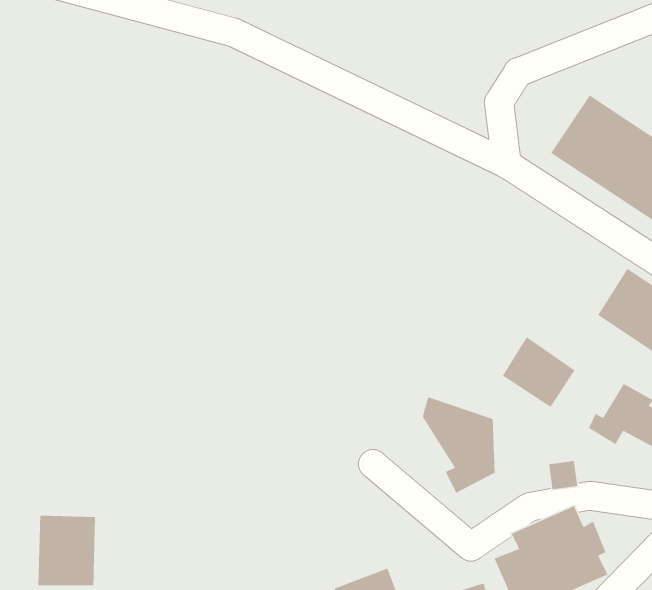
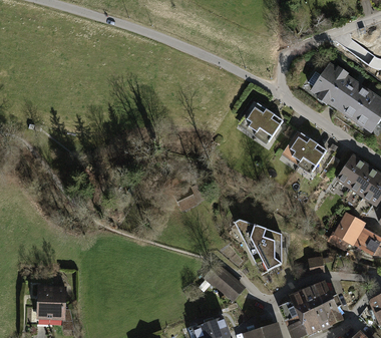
building: none -> [242,102,282,140]
building: [502,336,575,408] -> [286,131,325,170]
building: none -> [202,264,243,302]

